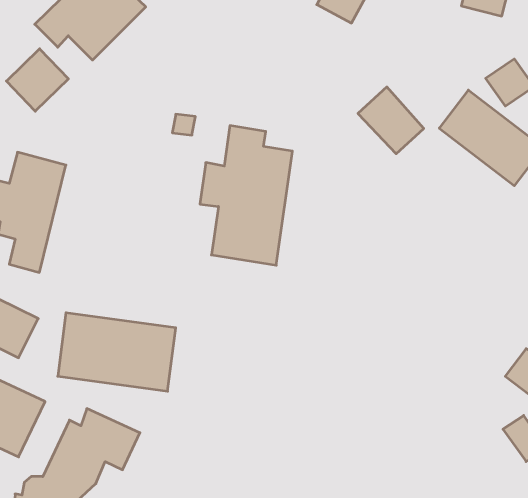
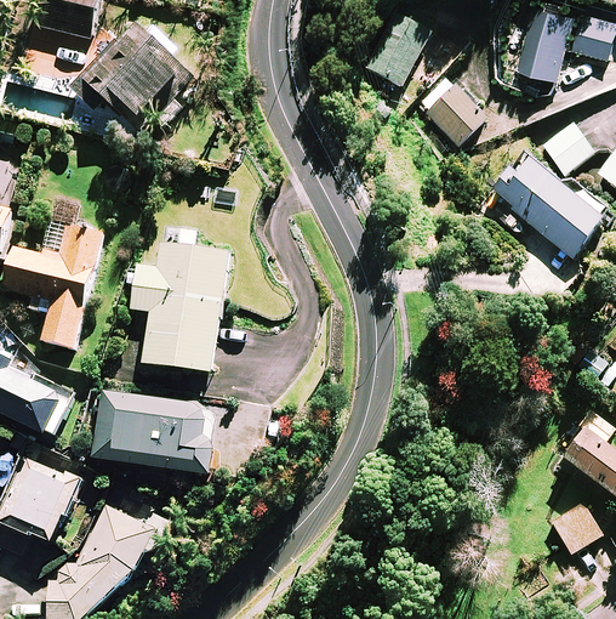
building: [6,49,68,111] -> none
building: [358,87,424,154] -> [417,74,486,144]
building: [200,126,292,265] -> [131,225,228,371]

